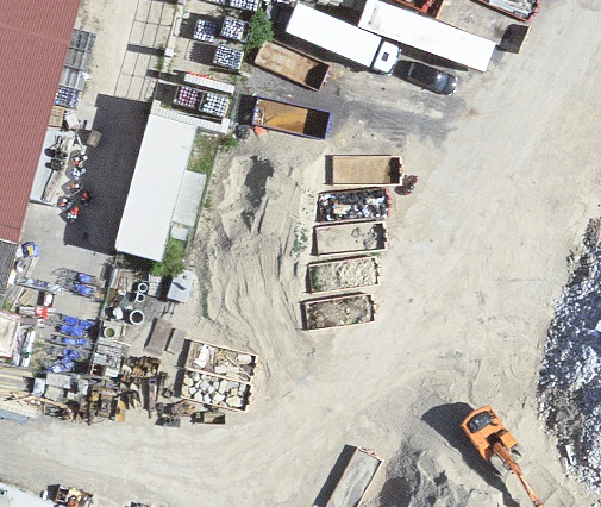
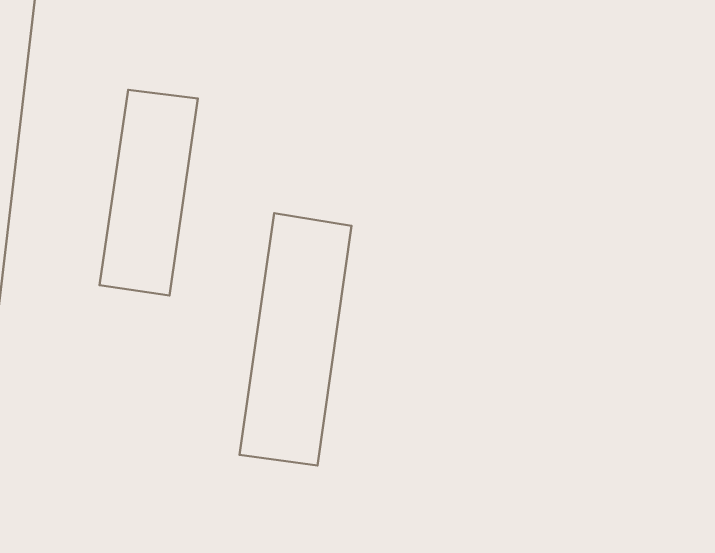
building: none -> [240,213,351,465]

